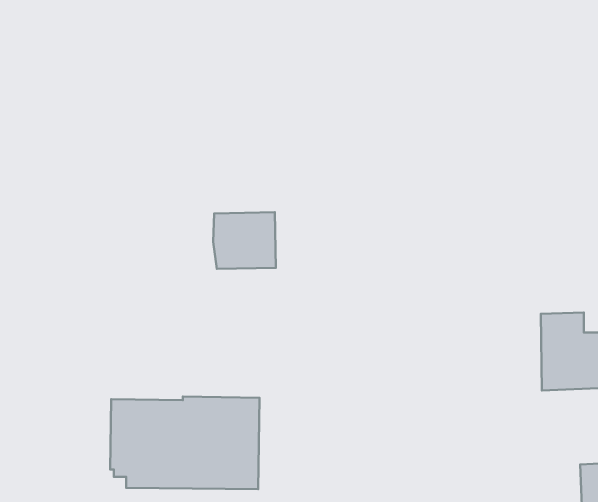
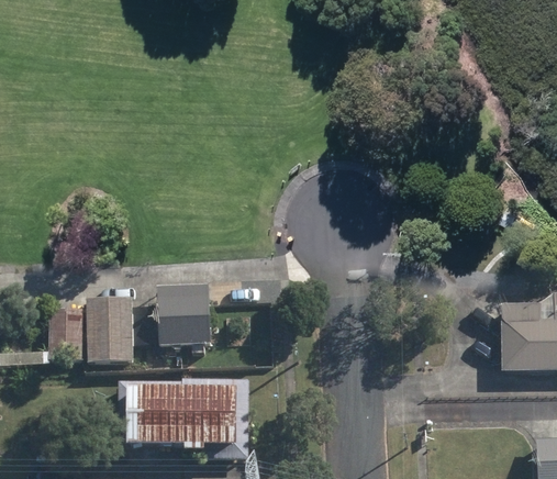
building: [213,212,276,269] -> [154,294,210,345]
building: none -> [51,294,134,360]

